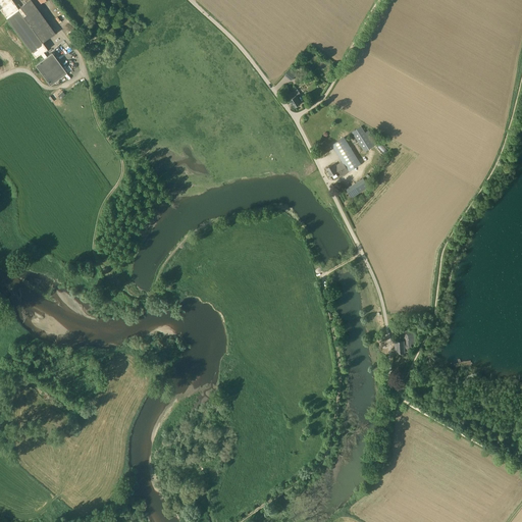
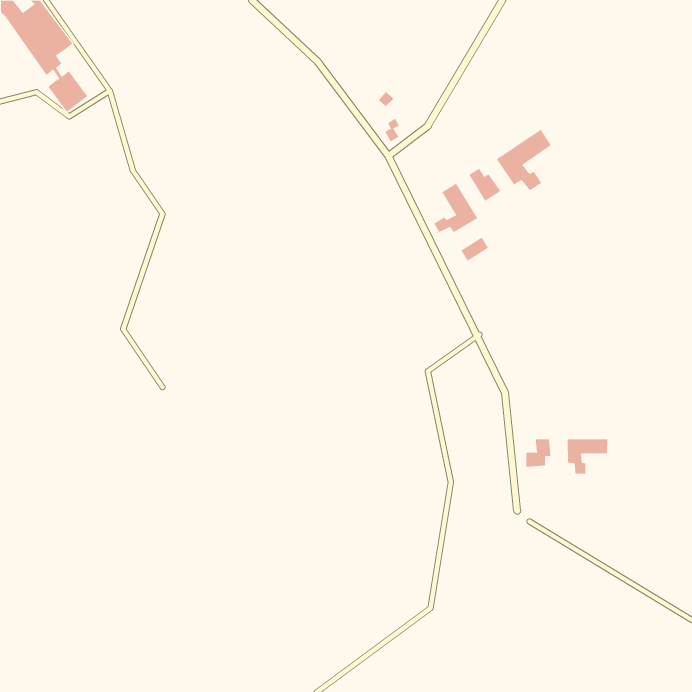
building: none -> [496,129,552,191]
building: none -> [567,438,608,474]

